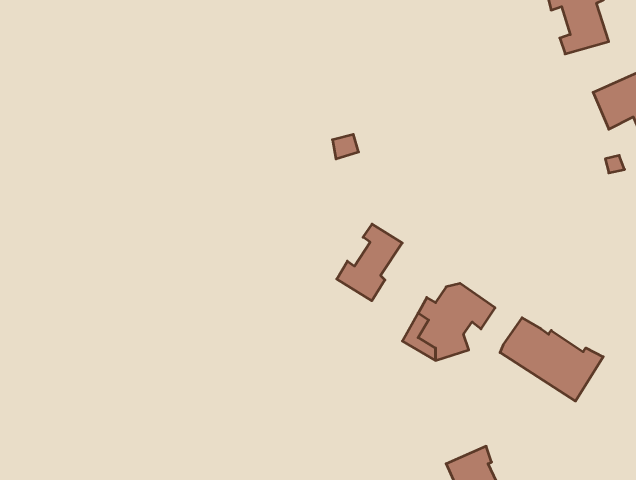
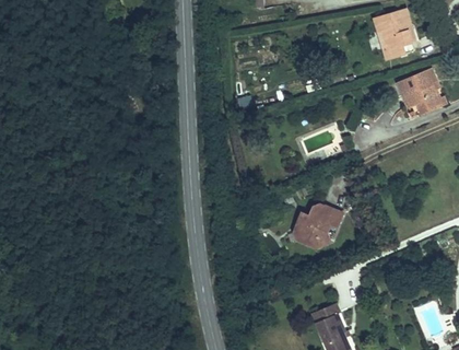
building: [337,224,402,301] -> none
building: [500,318,603,401] -> none

